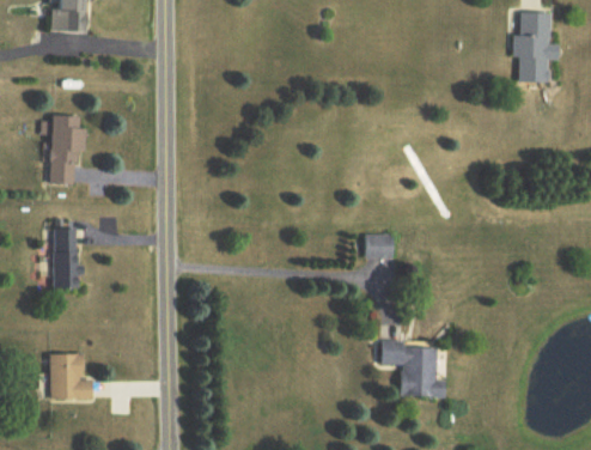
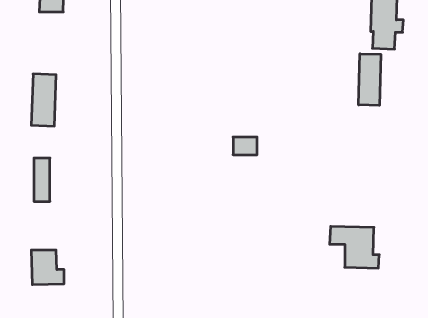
building: none -> [359,54,381,105]
building: [364,235,396,259] -> [233,137,257,155]
building: [382,341,449,397] -> [330,226,379,268]

